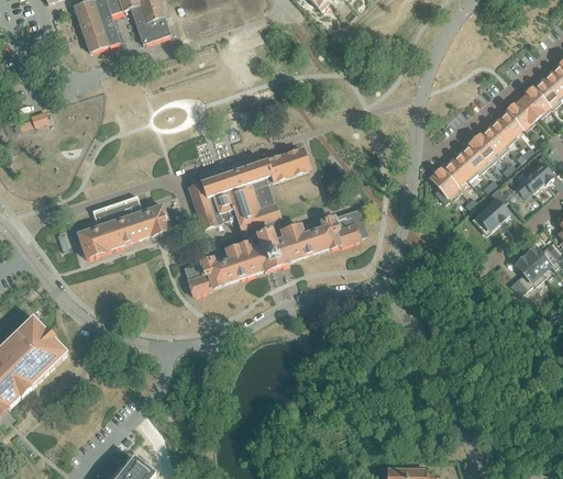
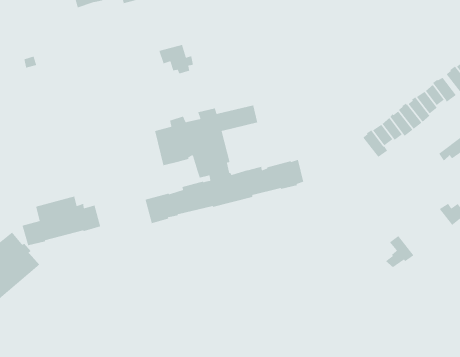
building: none -> [159,42,194,74]
building: [473,188,509,233] -> none
building: [78,194,170,257] -> [21,196,101,246]
building: [511,255,545,293] -> [385,235,415,268]

